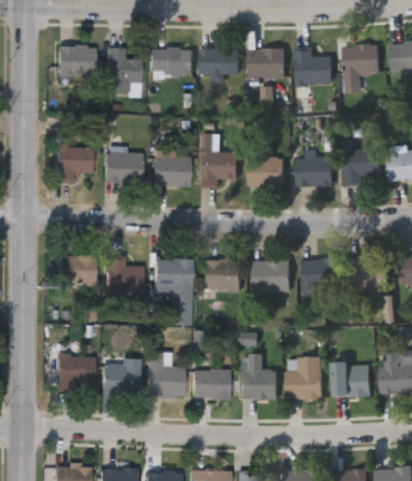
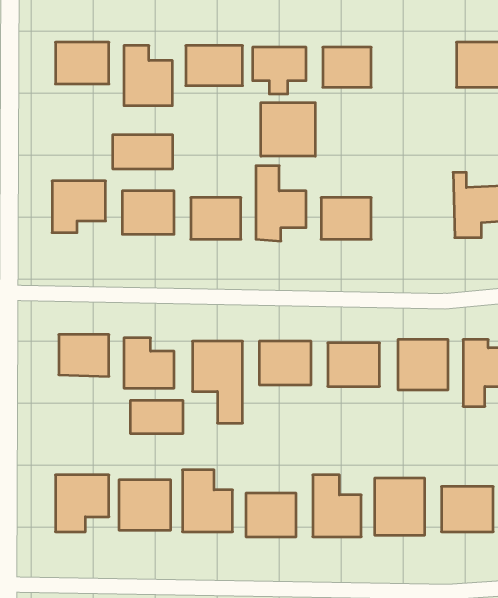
building: [294,48,332,85] -> none
building: none -> [261,103,315,156]
building: none -> [113,135,172,169]
building: [296,156,332,187] -> none
building: none -> [131,400,183,434]

